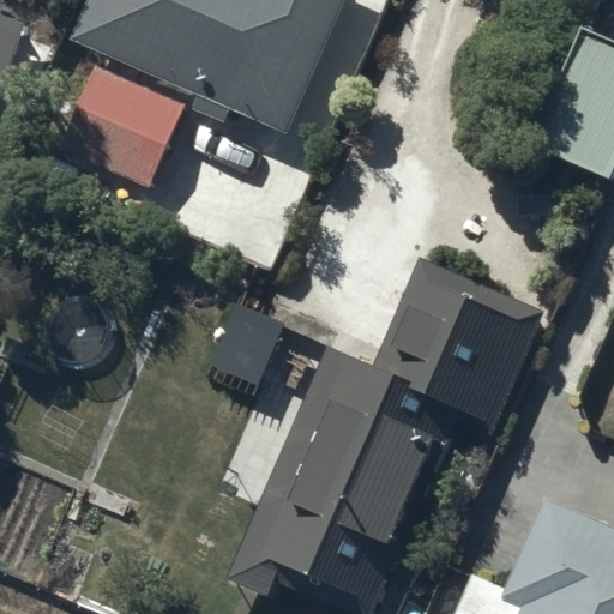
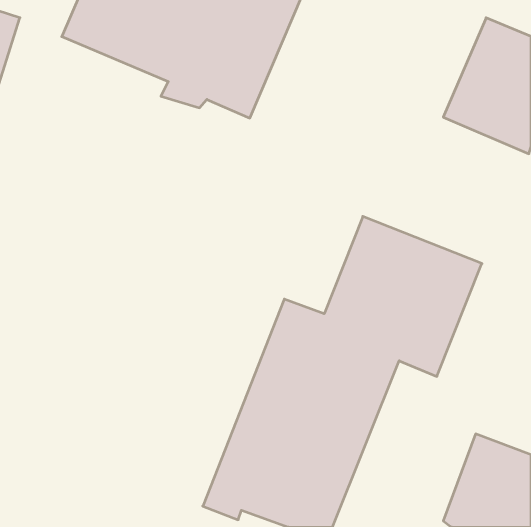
building: [54,68,185,193] -> none

